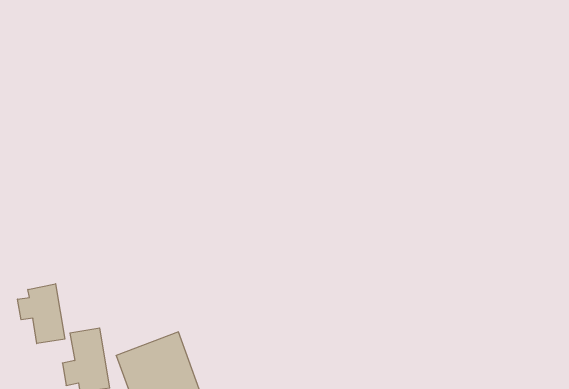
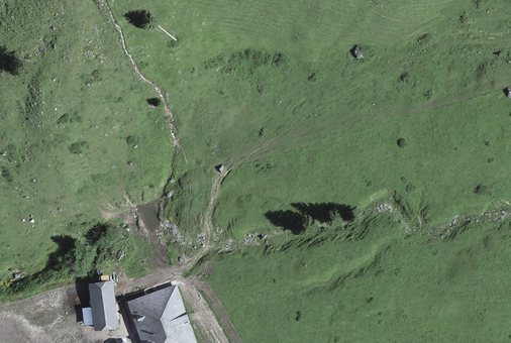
building: [18,284,65,344] -> none

